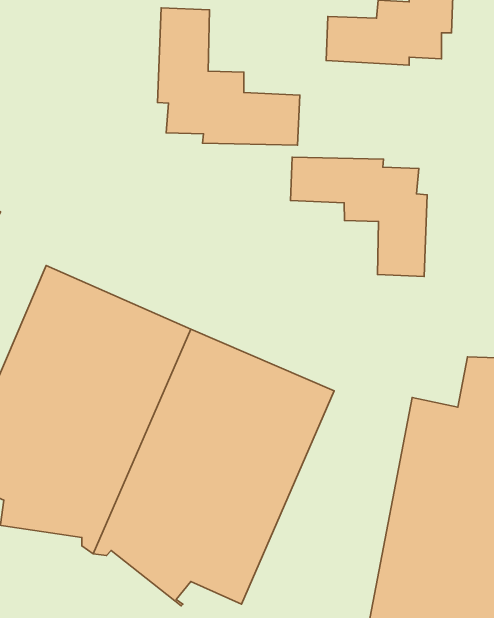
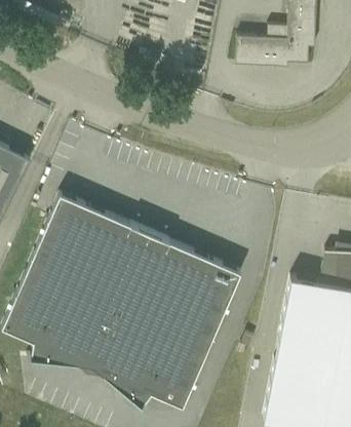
building: [157,8,300,145] -> none
building: [290,157,427,276] -> none

